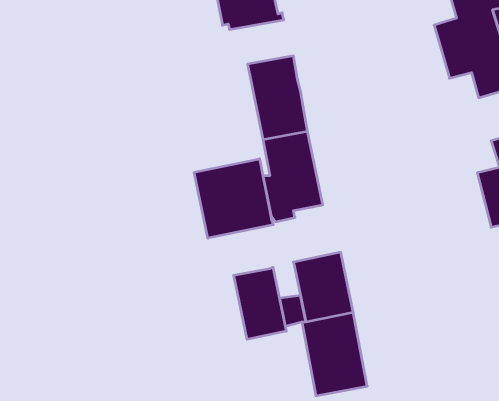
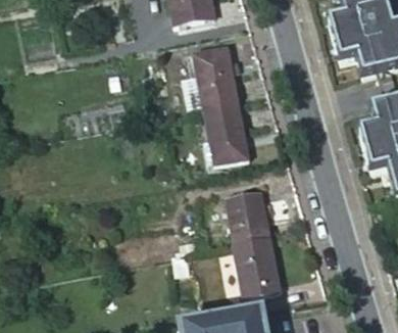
building: [194,159,273,238] -> none
building: [234,267,286,339] -> none

